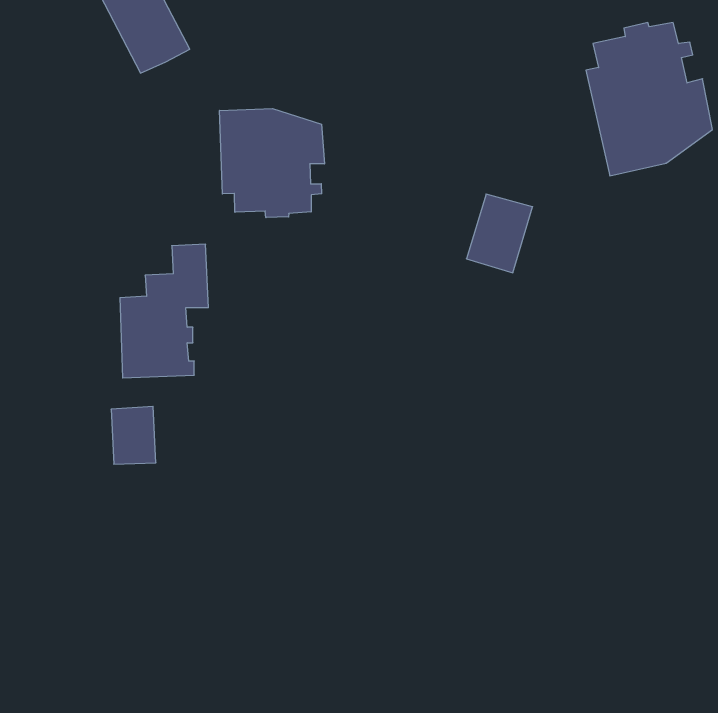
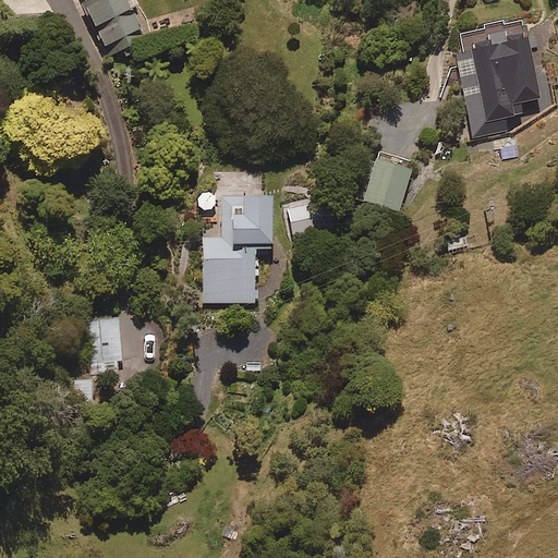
building: [220,109,324,218] -> none
building: [120,244,208,378] -> [202,197,270,301]

